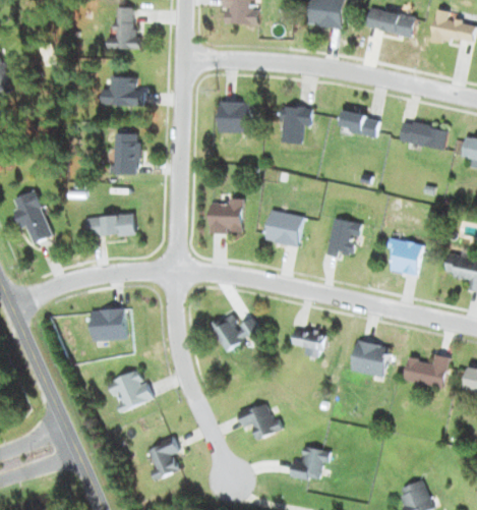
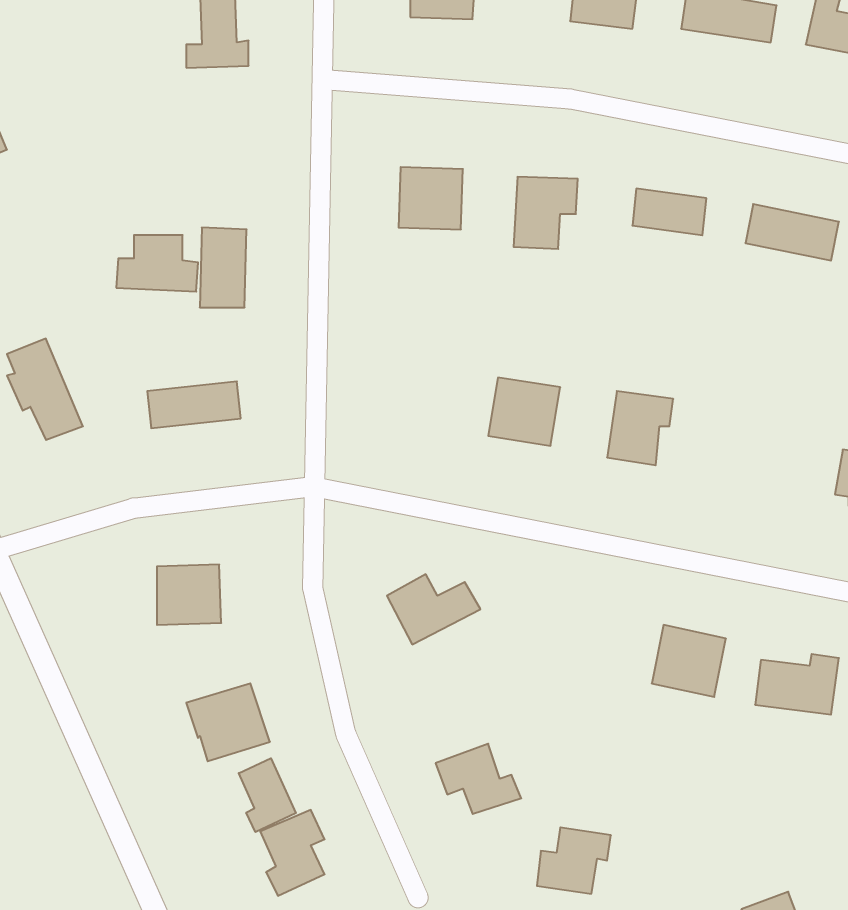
building: [101,76,143,106] -> [116,235,198,292]
building: [208,197,243,233] -> none
building: [387,238,422,275] -> none
building: [292,331,323,357] -> none
building: none -> [239,758,296,832]

